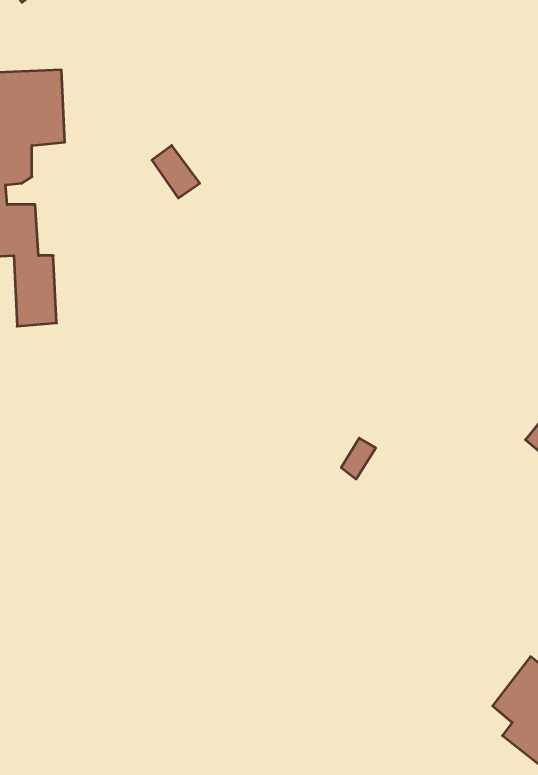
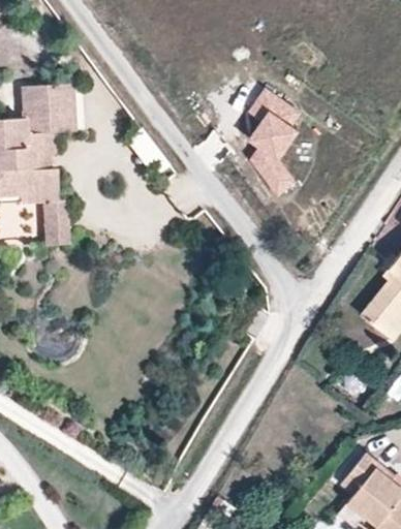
building: none -> [246,87,301,196]

